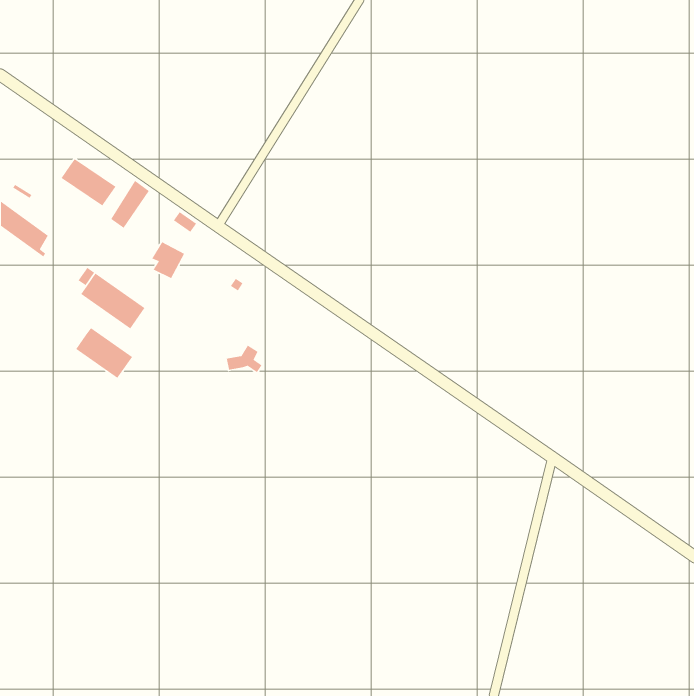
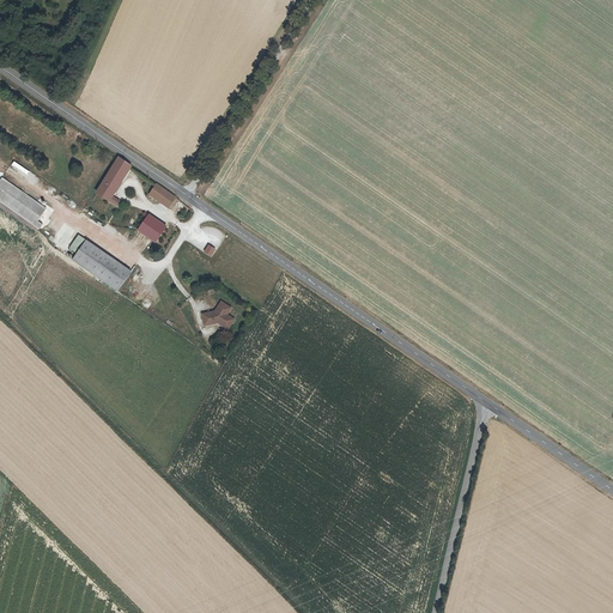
building: [61,158,117,207] -> none
building: [75,327,133,379] -> none

